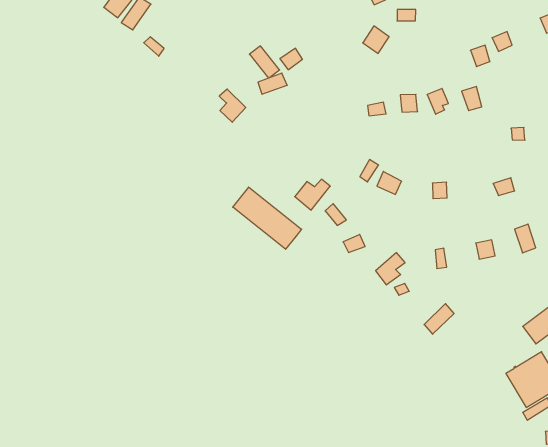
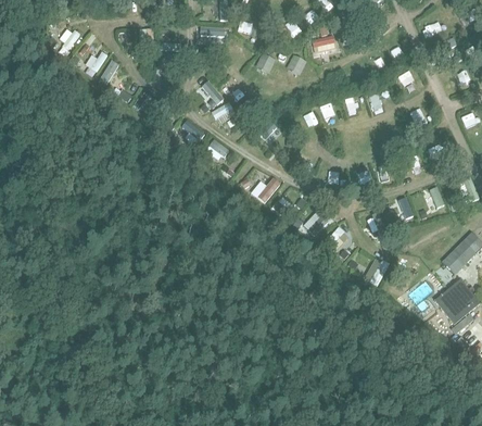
building: [233,187,302,249] -> none

